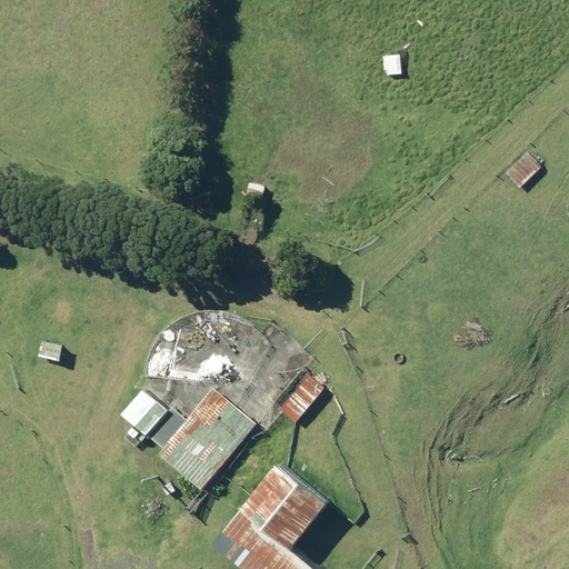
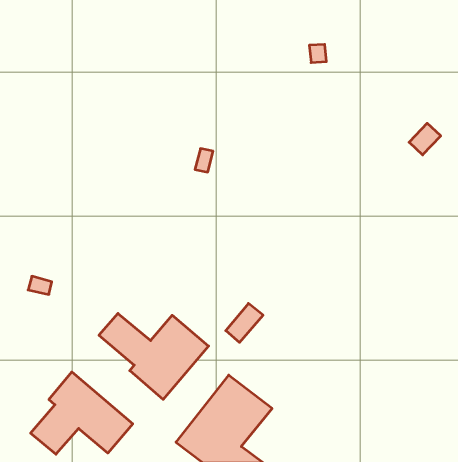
building: none -> [31,372,133,454]

